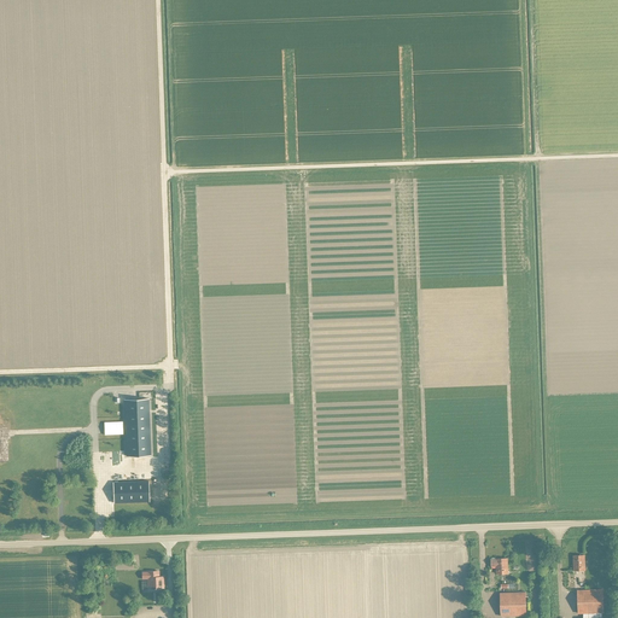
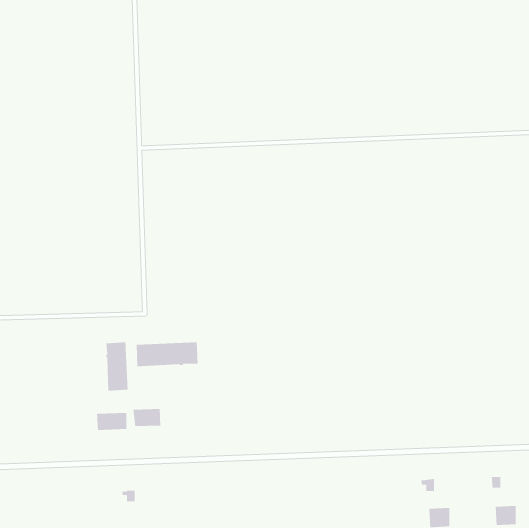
building: none -> [136,341,198,367]
building: none -> [133,408,161,427]

